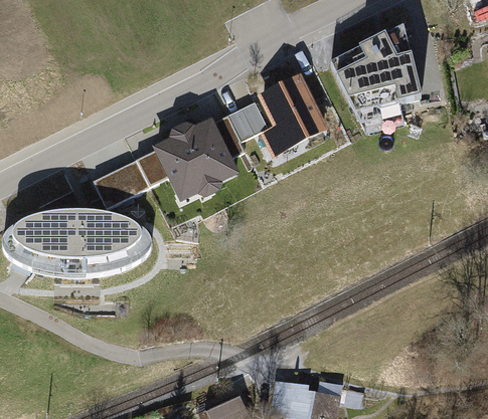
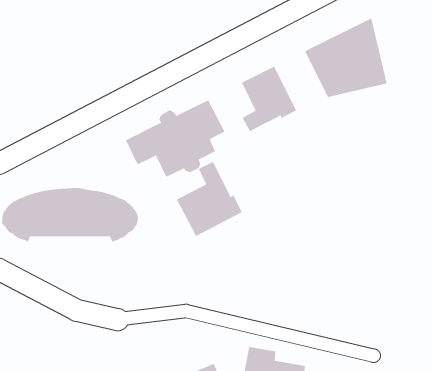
building: [229,97,271,138] -> none
building: [96,157,152,205] -> none
building: none -> [176,161,242,237]

